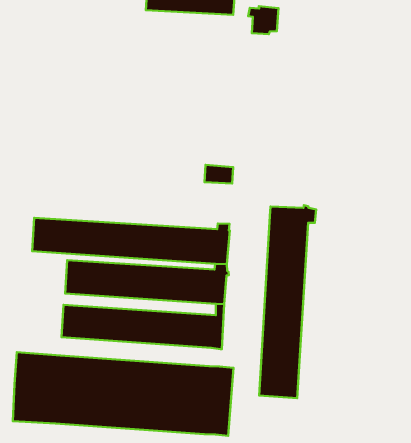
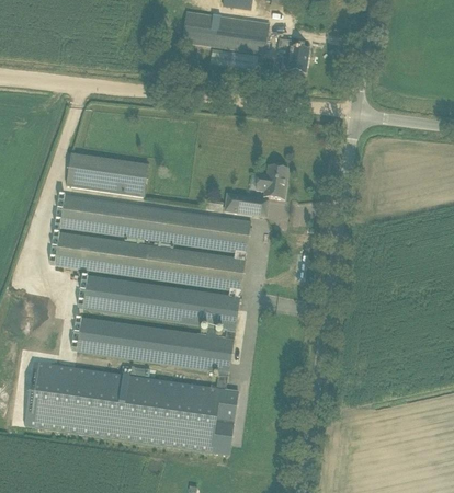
building: none -> [260,162,286,198]
building: none -> [65,153,147,196]
building: none -> [59,194,249,253]
building: [259,205,316,398] -> none

